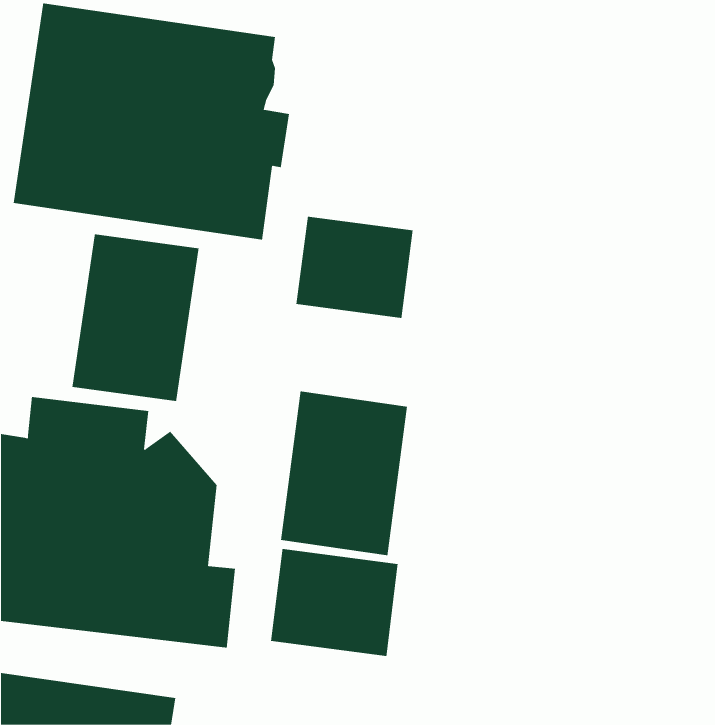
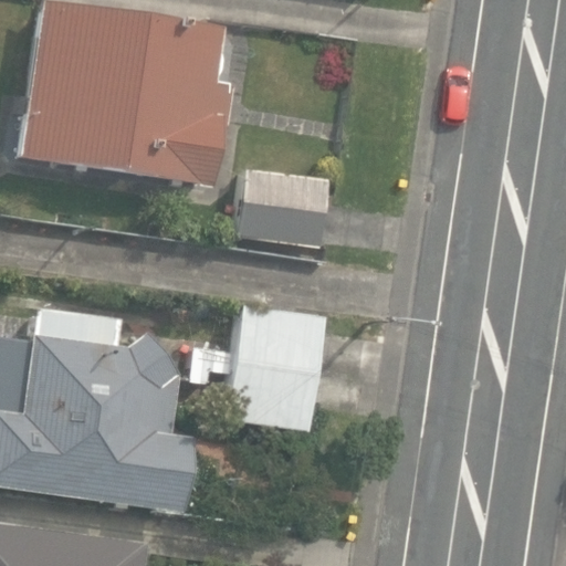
building: [72,234,199,402] -> none
building: [271,548,398,657] -> none

